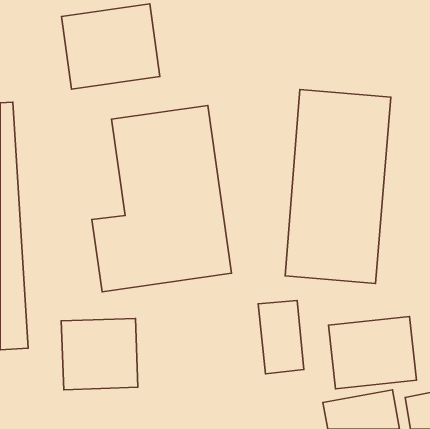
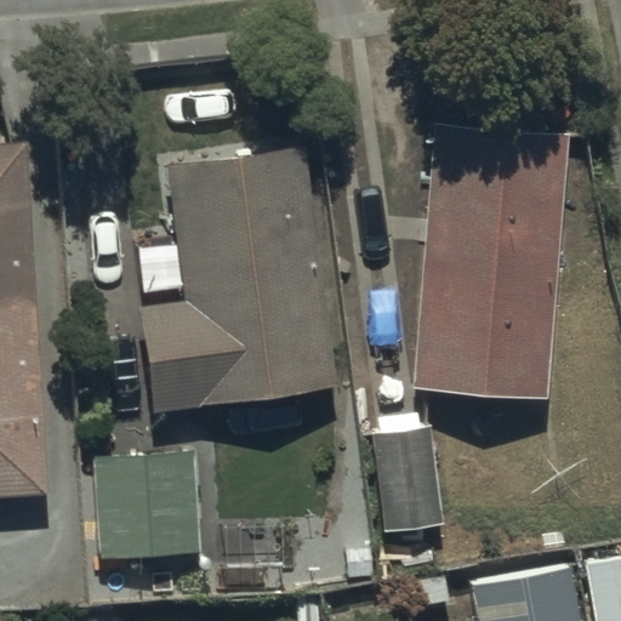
building: [61,4,160,89] -> none
building: [329,316,416,389] -> none

